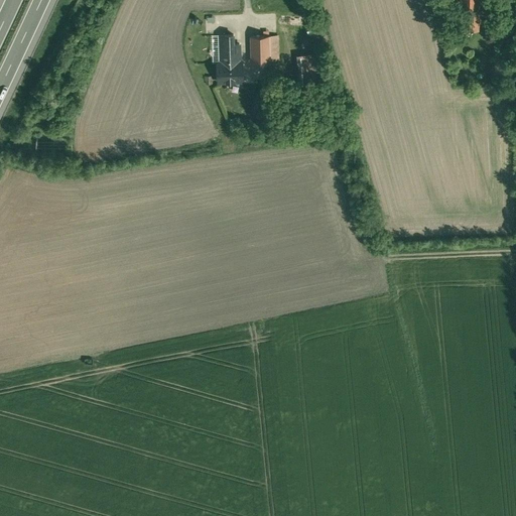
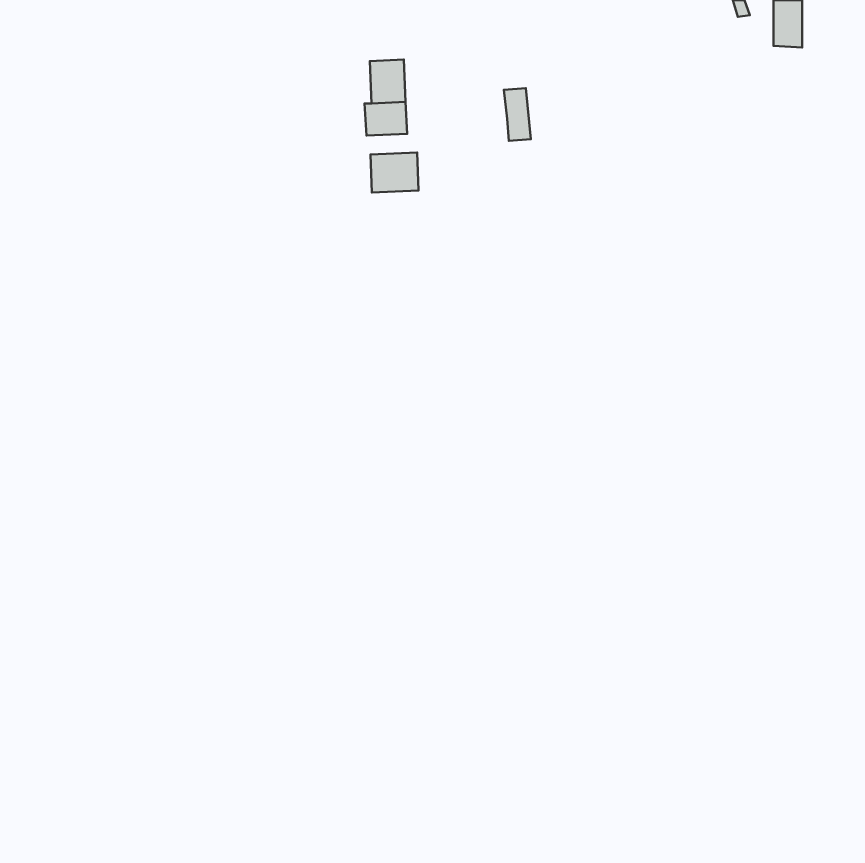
building: [250,36,276,64] -> none
building: none -> [371,152,418,193]

